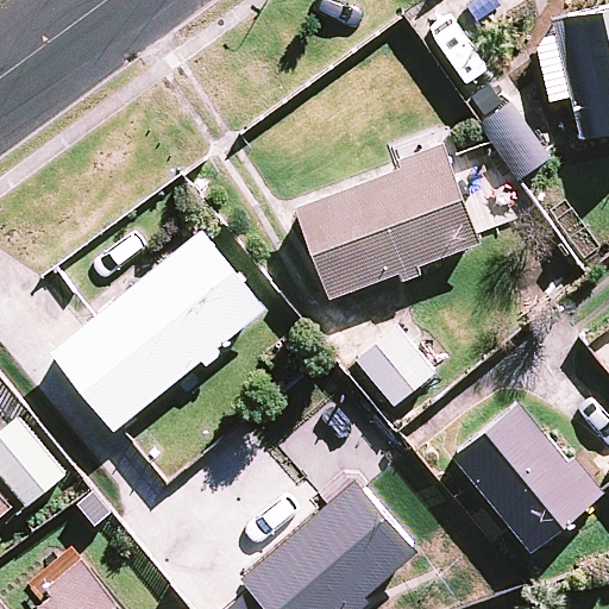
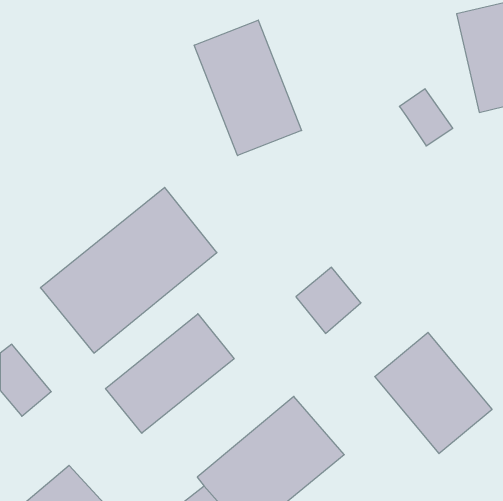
building: none -> [194,20,302,156]
building: [295,145,477,299] -> none
building: none -> [106,314,234,433]

